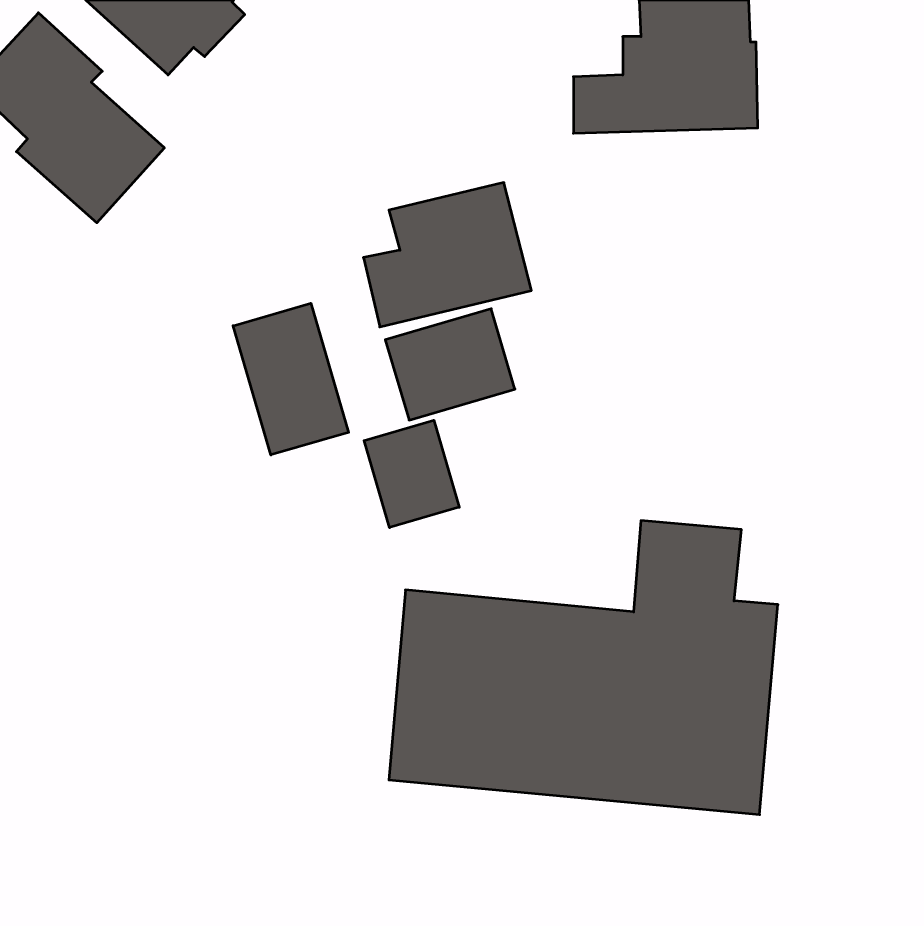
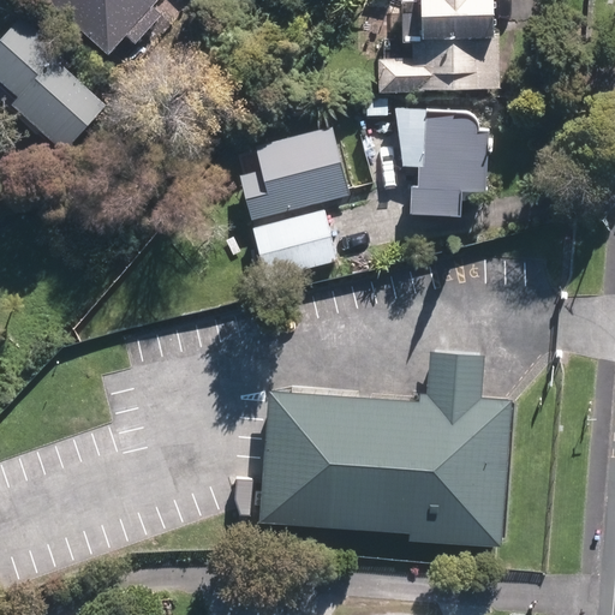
building: none -> [396,107,490,214]
building: [233,303,349,455] -> none
building: [364,420,459,528] -> none

